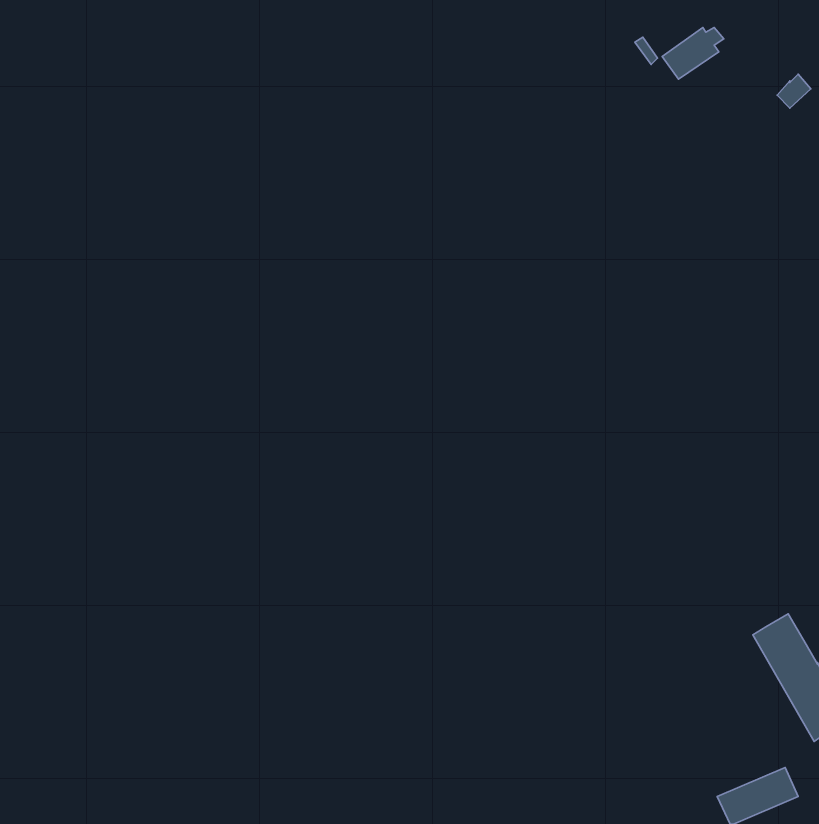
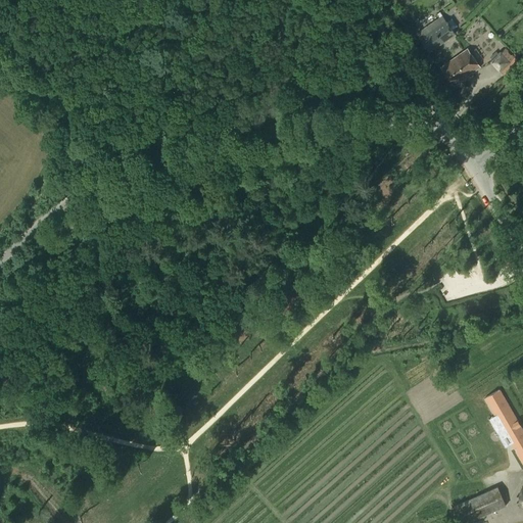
building: none -> [444,47,484,84]

